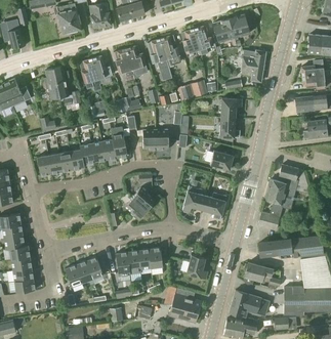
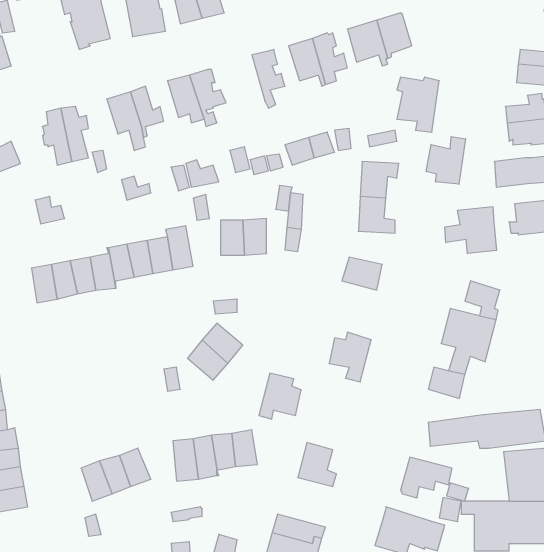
building: [147,38,171,80] -> none
building: none -> [426,137,465,184]
building: none -> [445,207,497,254]
building: [182,186,206,212] -> [259,373,301,419]

